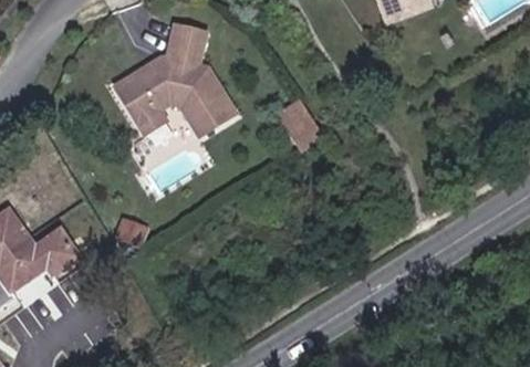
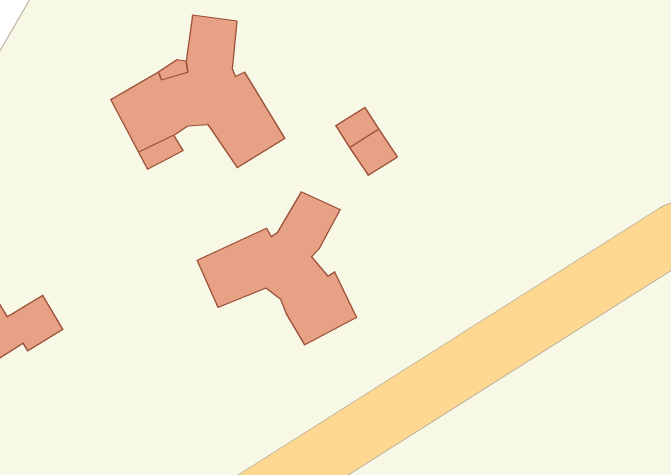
building: none -> [197,192,357,345]

